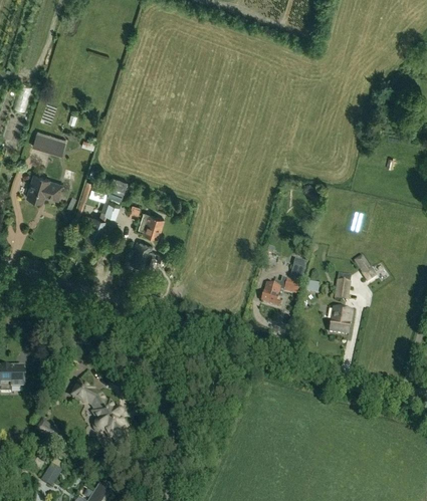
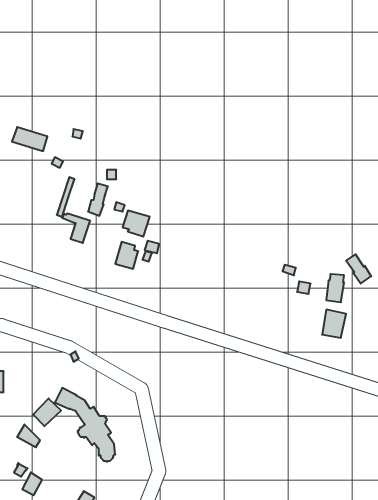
building: [27,175,63,202] -> none
building: [262,274,301,304] -> none
building: none -> [33,398,61,426]

